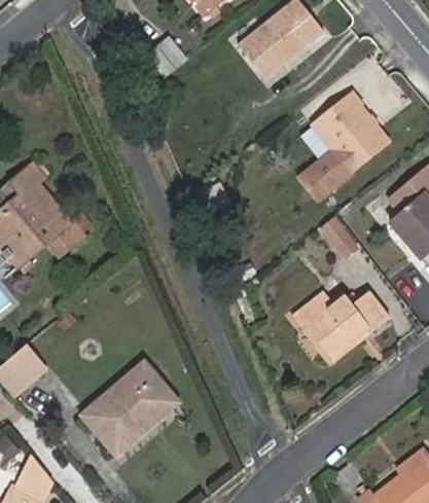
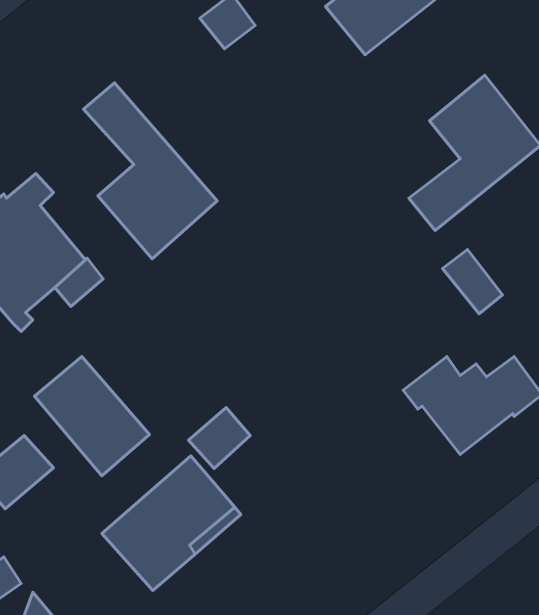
building: none -> [84,83,217,259]
building: none -> [34,356,149,476]
building: none -> [189,408,250,468]

